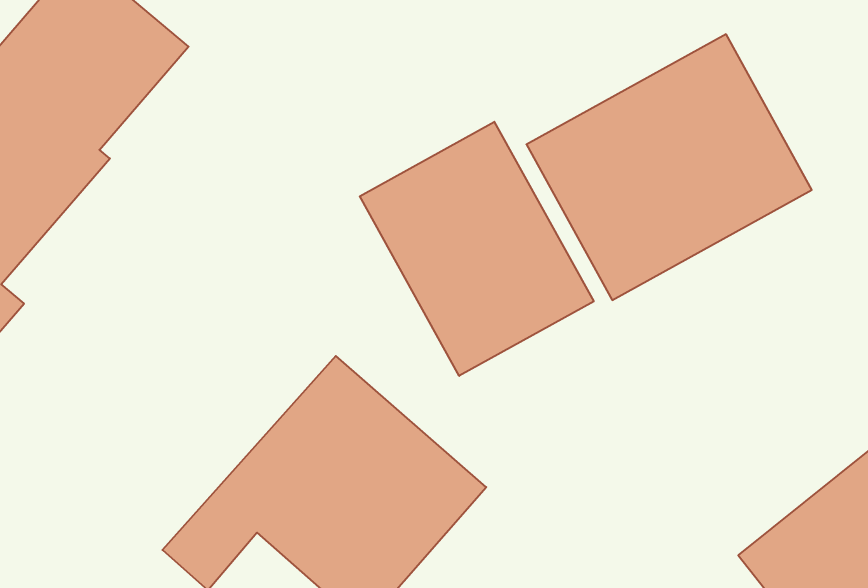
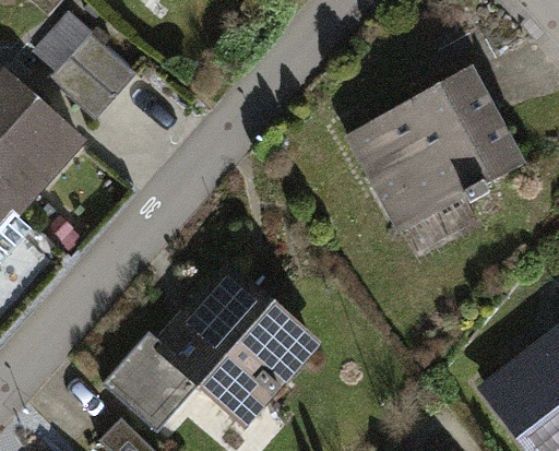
building: [360,122,594,376] -> none

